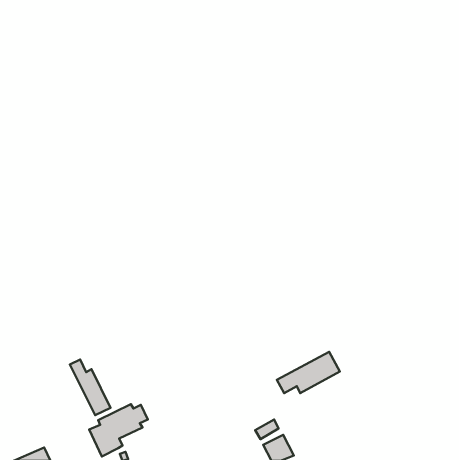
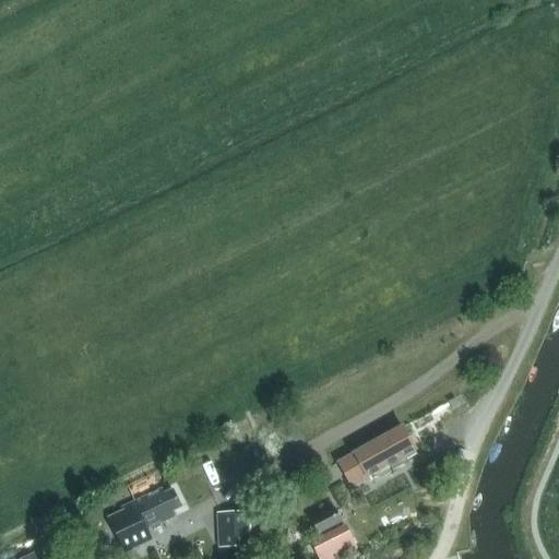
building: [70,359,110,415] -> none
building: none -> [219,513,247,549]

